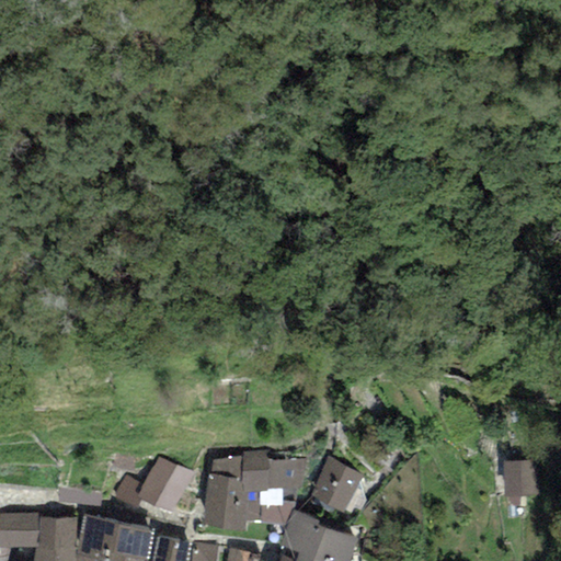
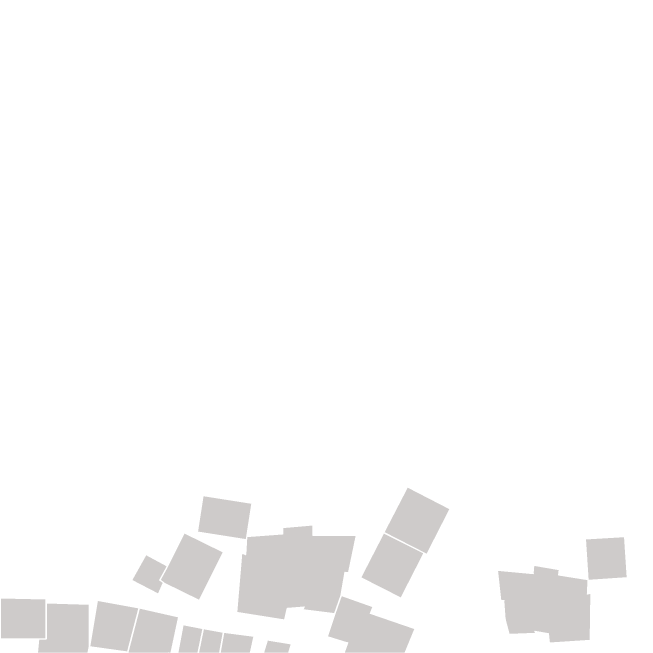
building: none -> [384,487,450,555]
building: none -> [197,496,252,540]
building: none -> [497,565,591,643]

